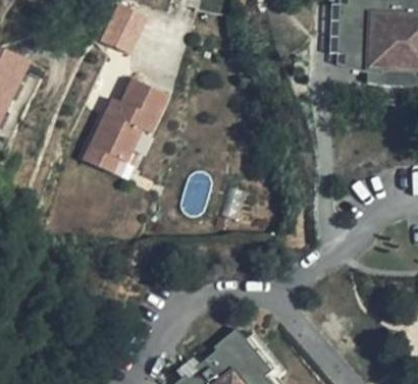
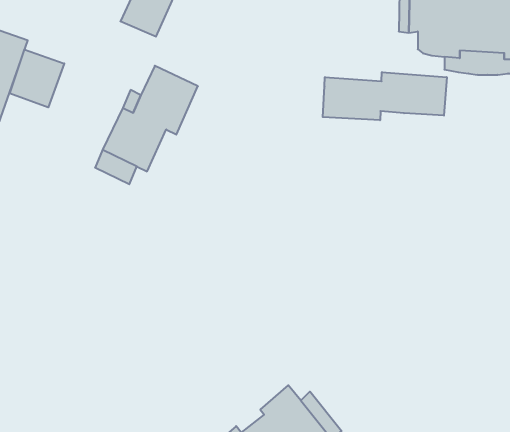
building: none -> [10,50,64,107]
building: none -> [323,72,447,120]

